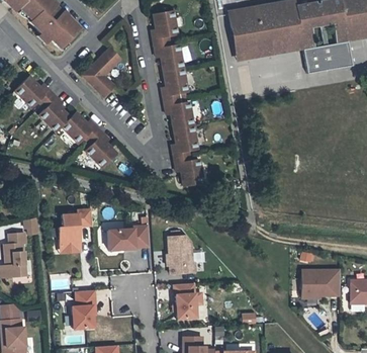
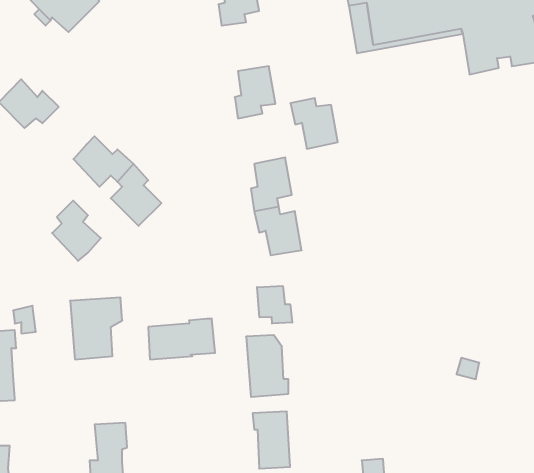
building: [154,41,183,72] -> none
building: [83,49,120,97] -> none
building: [39,94,70,131] -> [52,201,101,261]
building: [164,98,193,129] -> [290,98,338,149]
building: none -> [257,286,292,324]
building: [302,270,340,298] -> none

